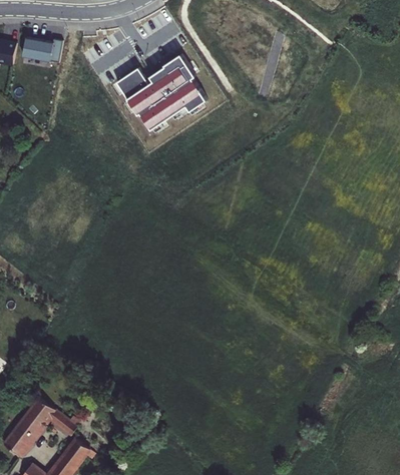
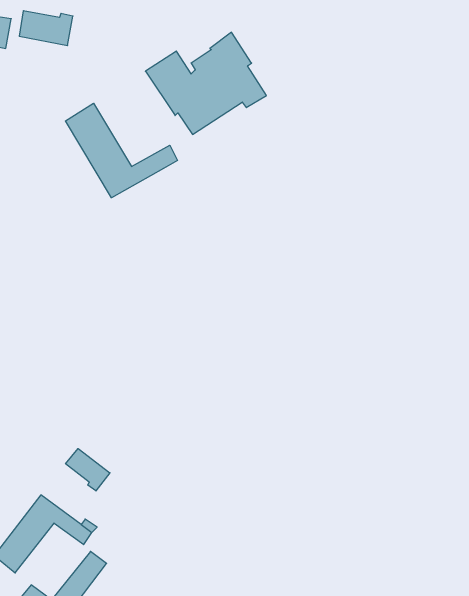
building: none -> [65,103,177,198]
building: none -> [66,449,110,491]

